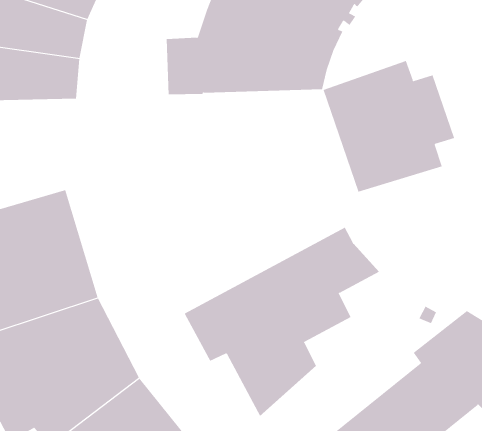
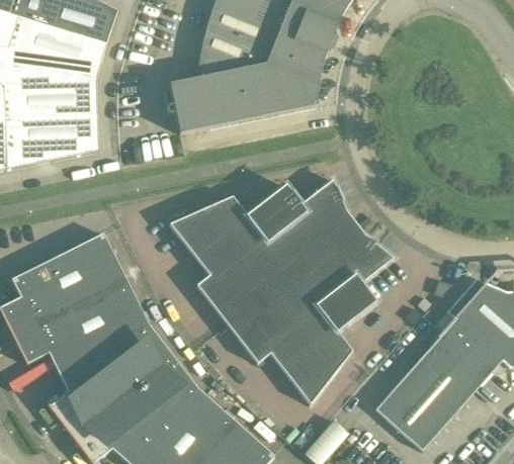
building: [323,60,455,192] -> none
building: none -> [169,179,356,324]

